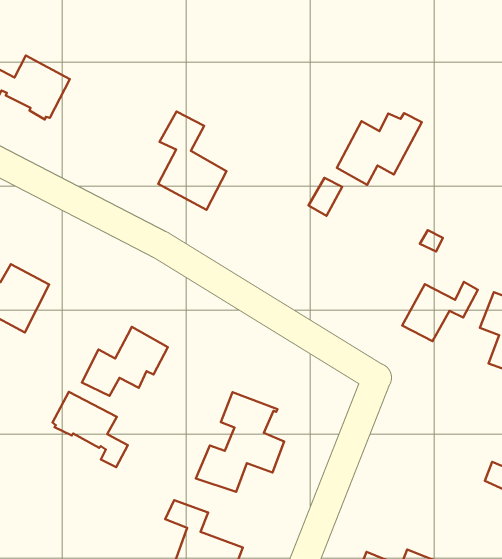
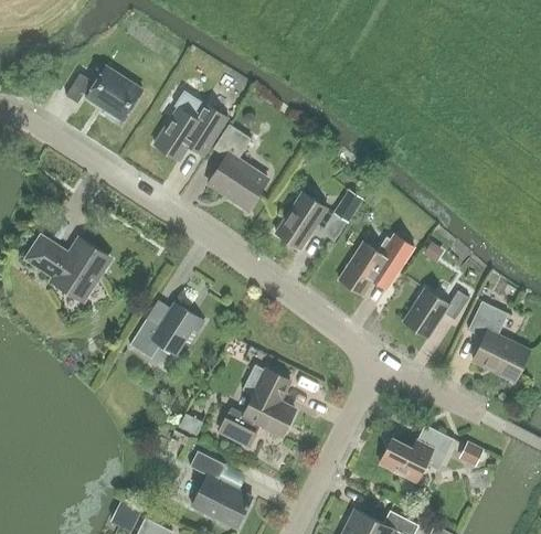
building: none -> [155,104,227,160]
building: [337,113,422,185] -> [339,237,414,296]
building: none -> [276,192,327,249]
building: [52,392,128,467] -> none
building: none -> [380,425,454,482]

